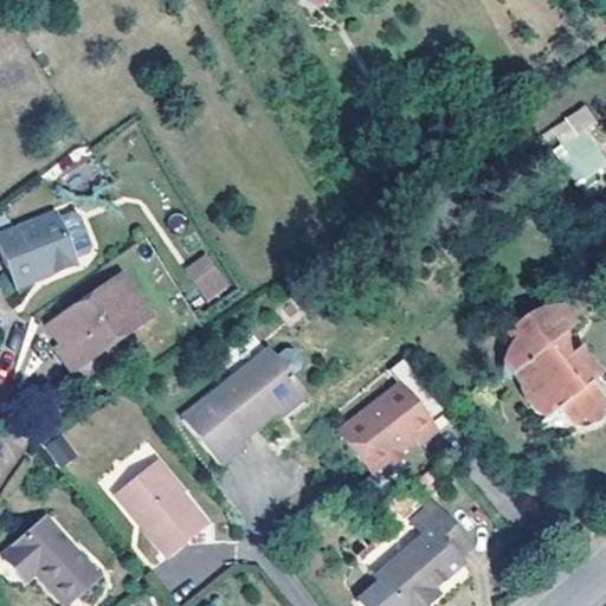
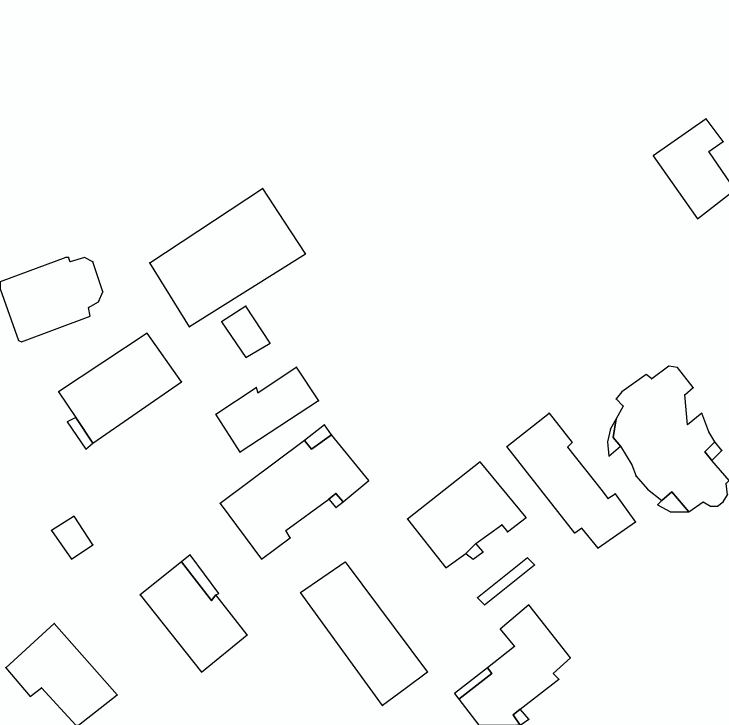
building: none -> [150,188,305,327]
building: none -> [216,367,319,452]
building: none -> [507,413,636,548]
building: none -> [301,562,428,706]

